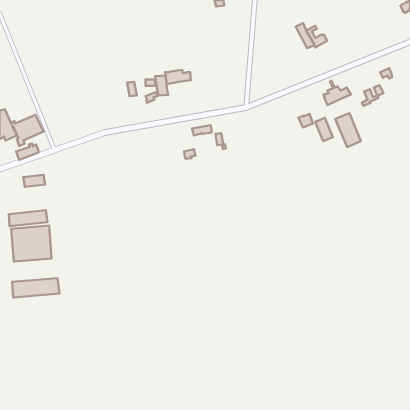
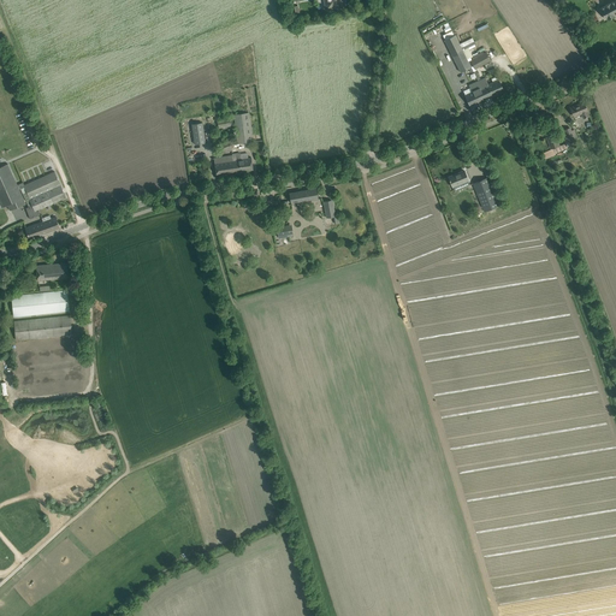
building: [165,70,191,84] -> [213,154,251,176]
building: [324,81,351,105] -> [462,70,503,106]
building: [335,113,361,147] -> none
building: none -> [10,290,69,316]
building: [12,278,59,297] -> none

